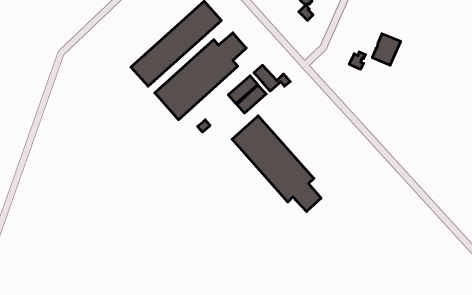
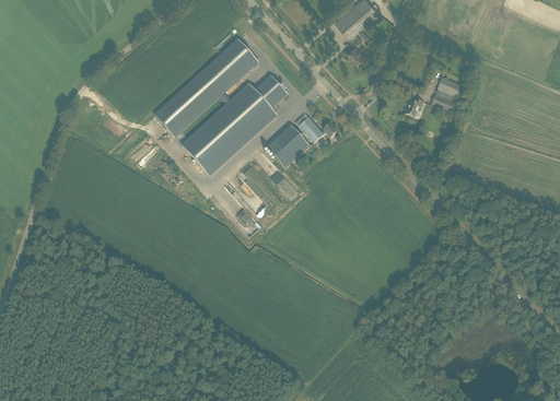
building: [232,116,321,212] -> none

